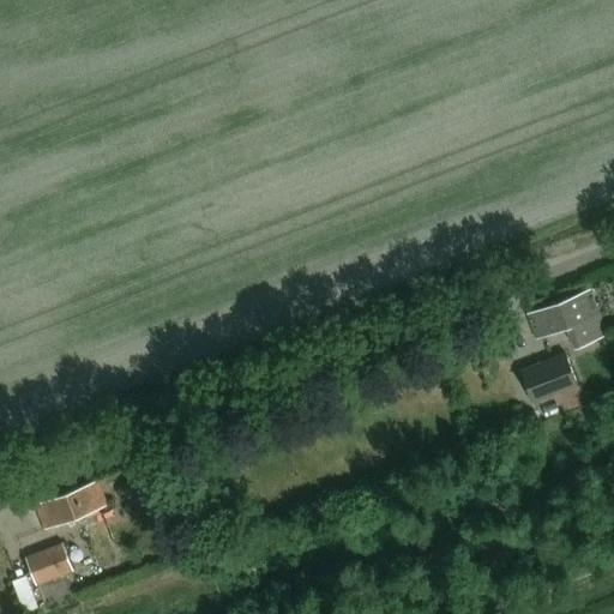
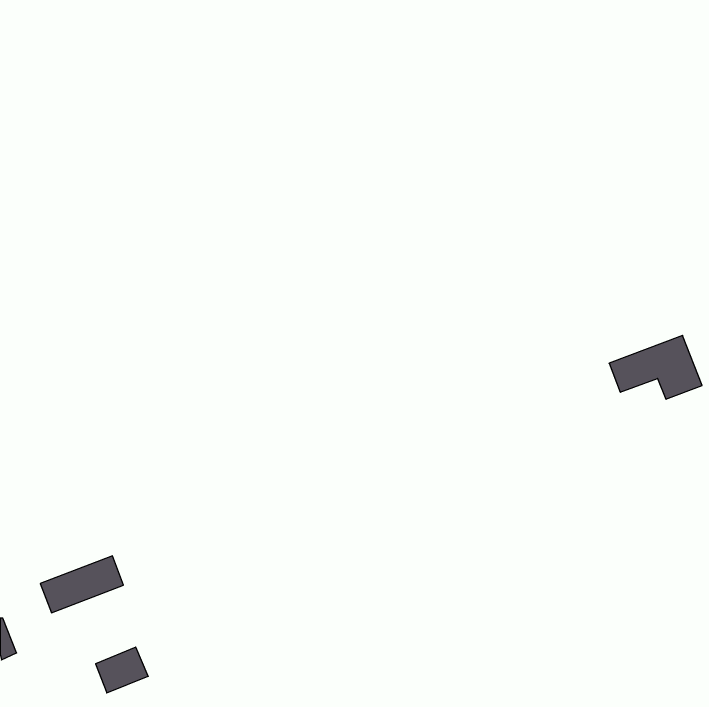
building: [518,355,576,403] -> none
building: [25,547,71,586] -> [96,647,148,693]

